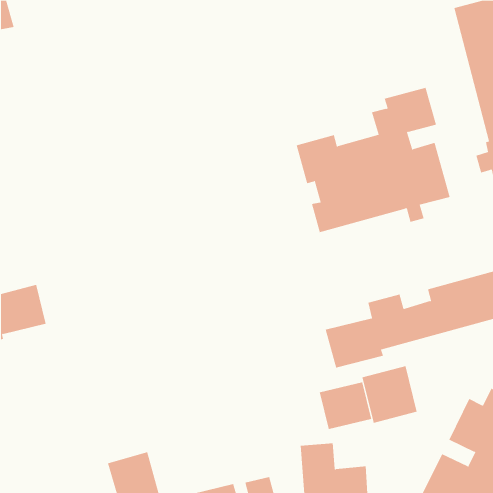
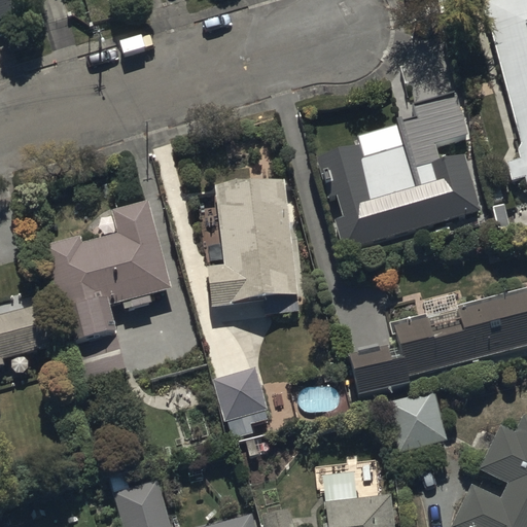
building: none -> [207,176,298,315]
building: none -> [45,201,171,381]
building: none -> [214,368,268,435]
building: [319,381,372,430] -> none

